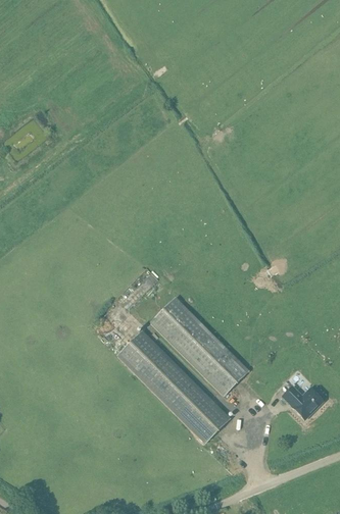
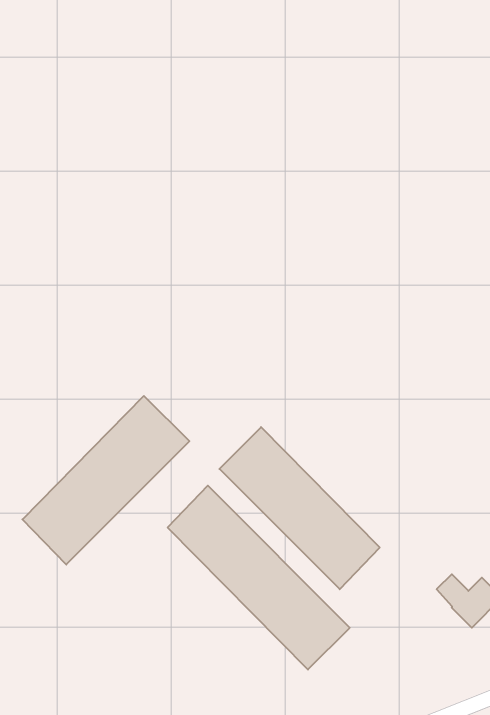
building: none -> [22,396,189,565]

